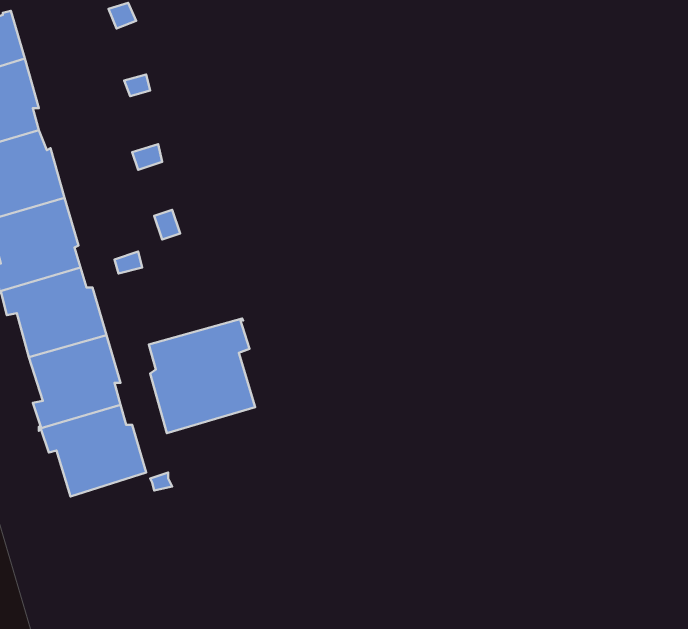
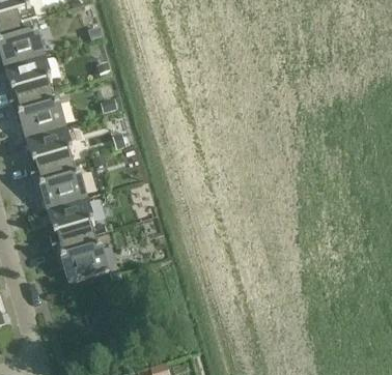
building: [149,318,255,433] -> none

